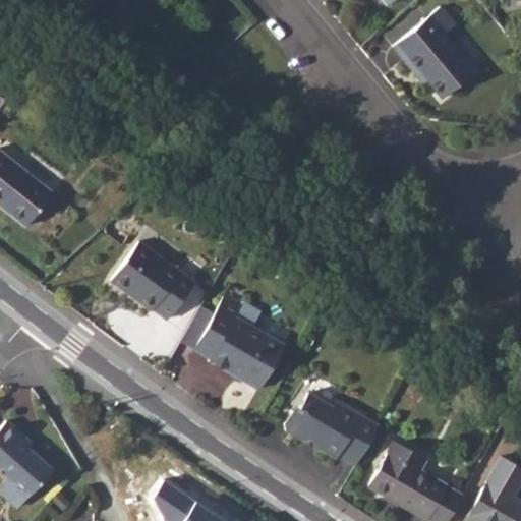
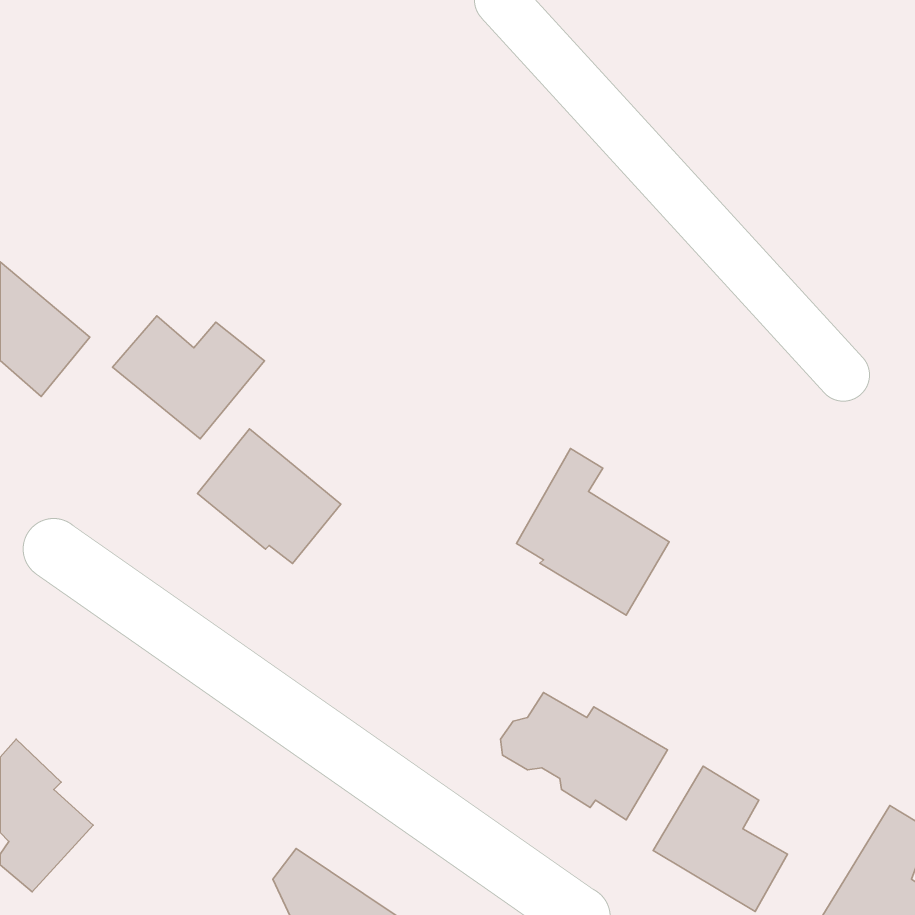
building: [392,6,473,98] -> none
building: none -> [113,316,264,439]
building: [196,296,283,391] -> [517,448,669,615]

